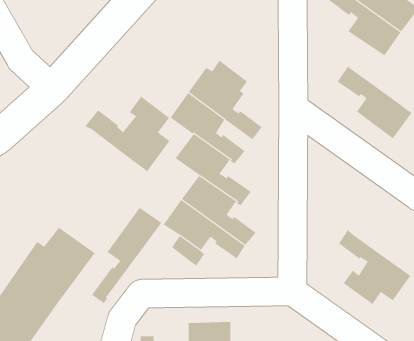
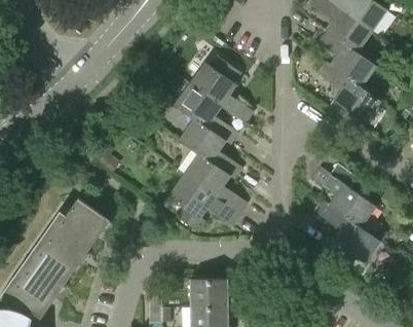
building: none -> [312,27,377,87]
building: [85,96,170,172] -> none
building: none -> [312,167,376,227]
building: [91,207,162,304] -> none

